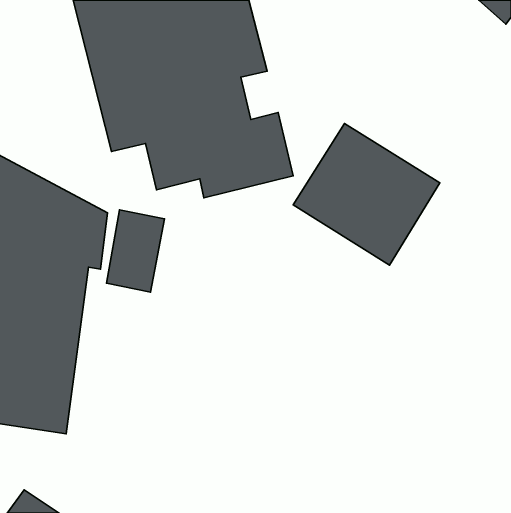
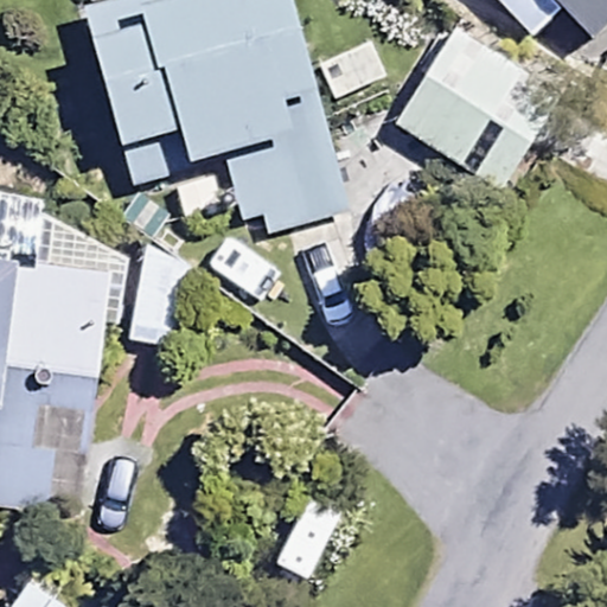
building: [293,123,440,265] -> [384,21,557,189]

